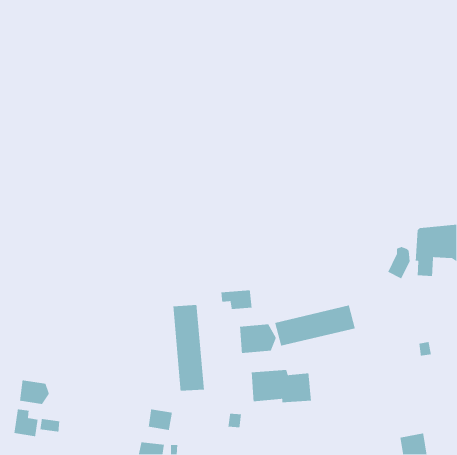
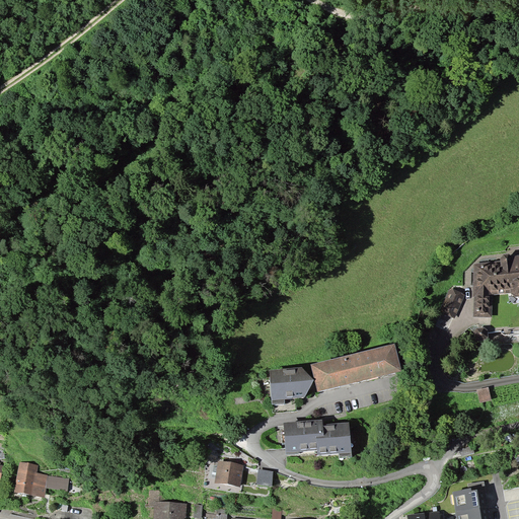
building: [221,289,252,310] -> none
building: [172,304,205,392] -> none
building: [19,379,50,405] -> none
building: [148,408,173,431] -> [216,459,244,485]

